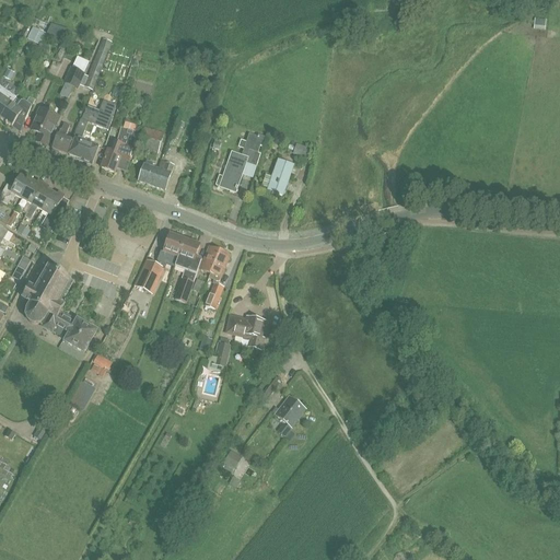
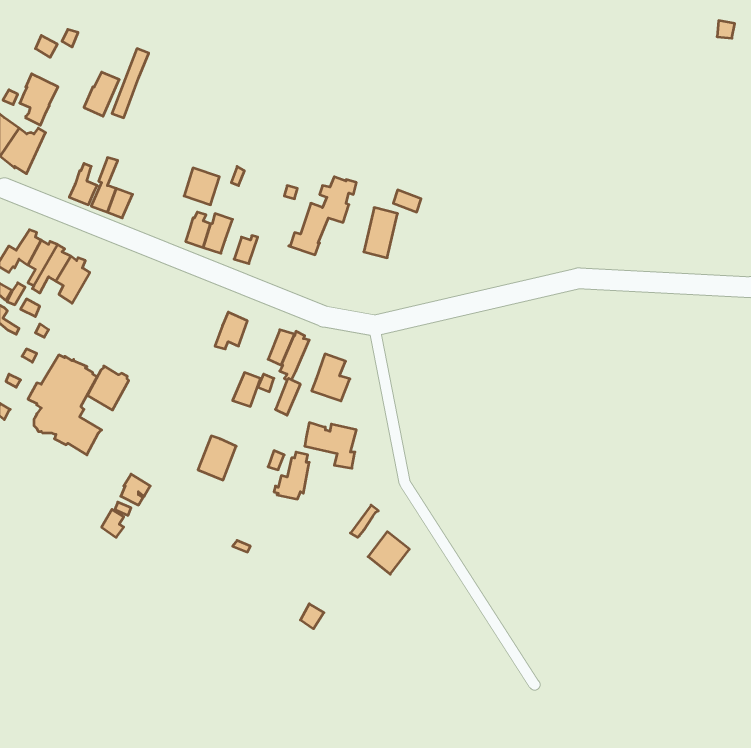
building: [80,100,114,127] -> none
building: [31,106,59,144] -> [20,74,58,125]
building: [101,126,135,171] -> none
building: [174,238,202,273] -> [312,354,350,401]
building: [133,260,162,293] -> [198,436,236,480]
building: [63,318,94,351] -> [87,366,129,410]

